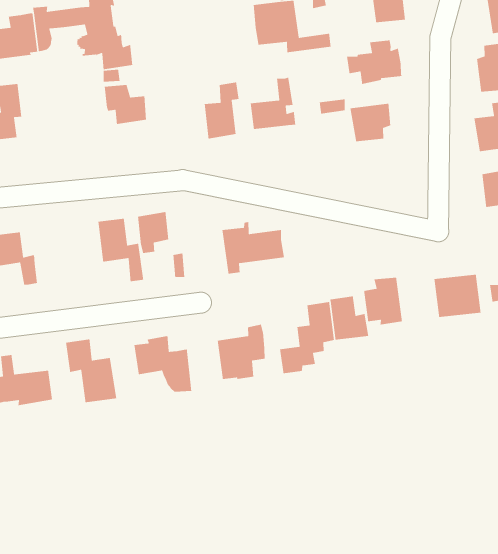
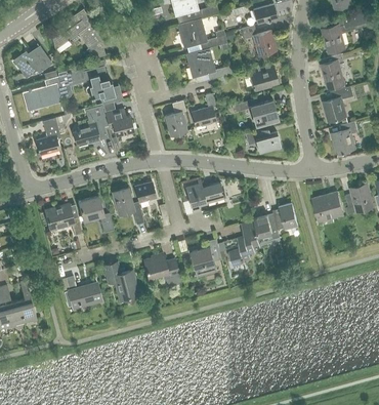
building: none -> [74,118,106,143]
building: none -> [245,128,281,153]
building: none -> [79,197,114,233]

